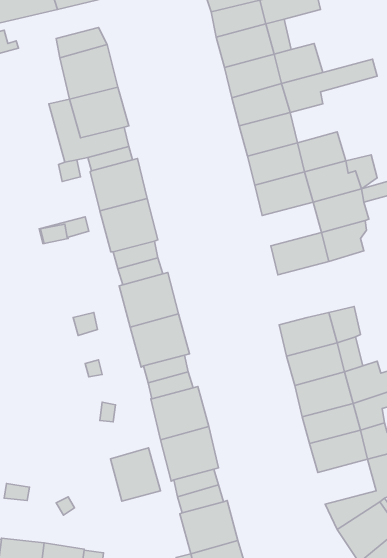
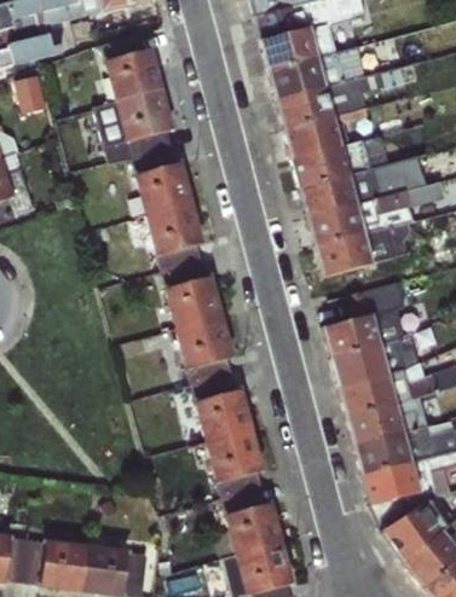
building: none -> [307,204,366,248]
building: none -> [346,280,408,319]
building: [110,448,160,501] -> none
building: none -> [363,460,421,505]

